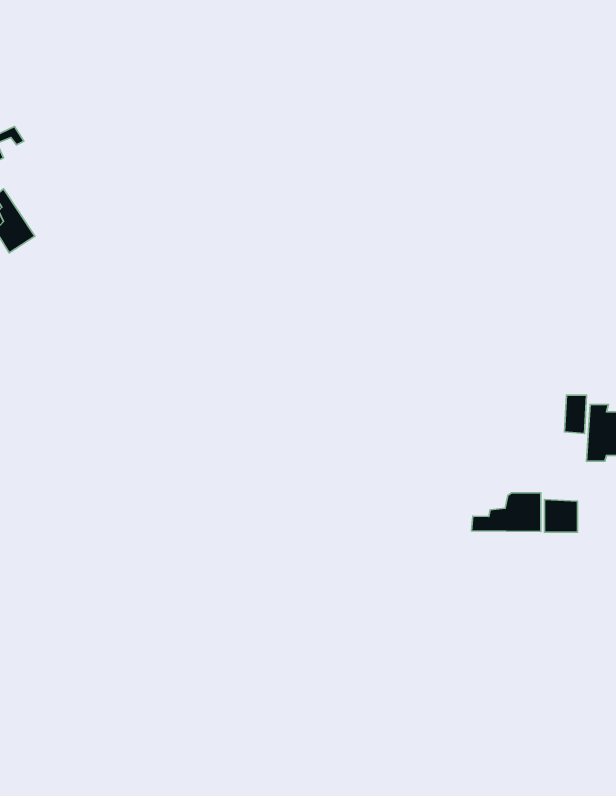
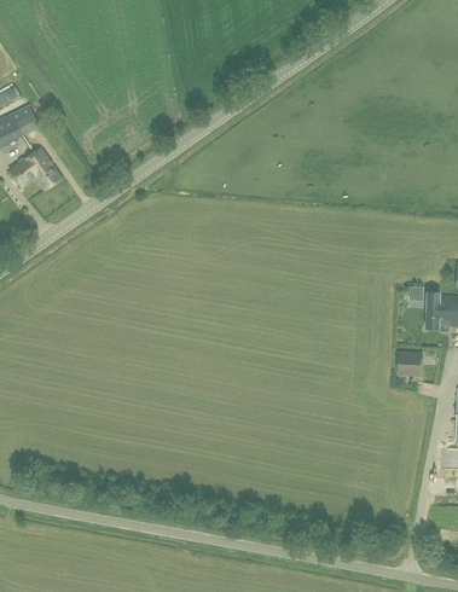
building: [471,493,541,532] -> none

